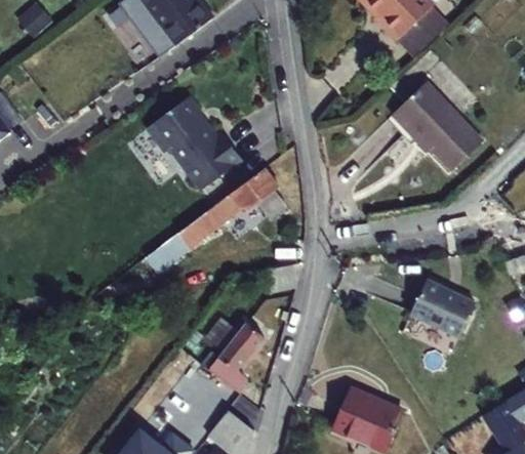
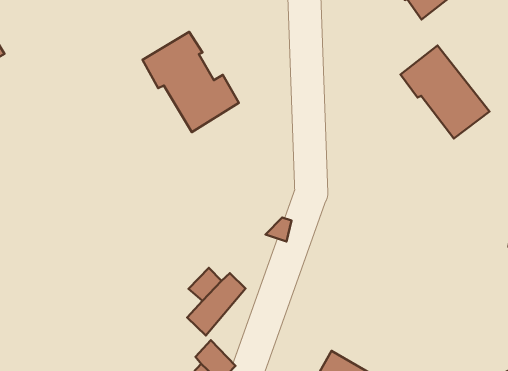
building: [140,167,287,275] -> none
building: [413,281,478,338] -> none

